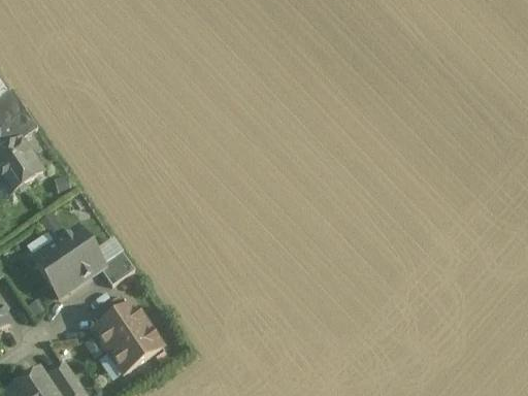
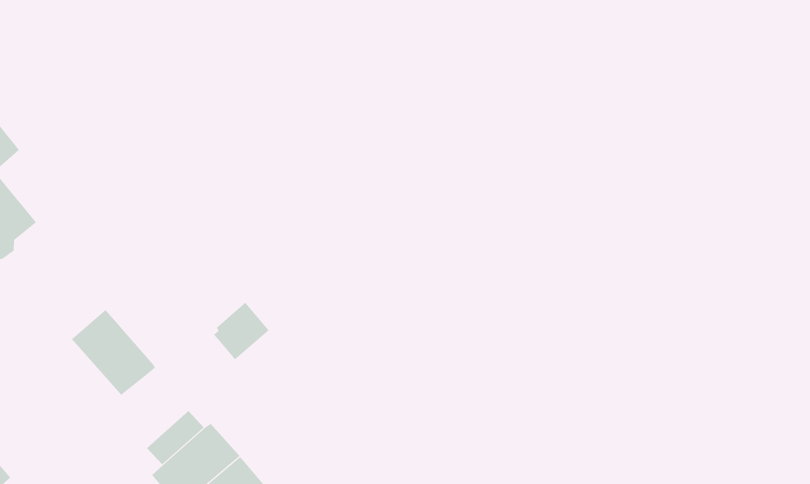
building: [32,243,80,296] -> none
building: [100,251,134,285] -> [213,302,270,360]

